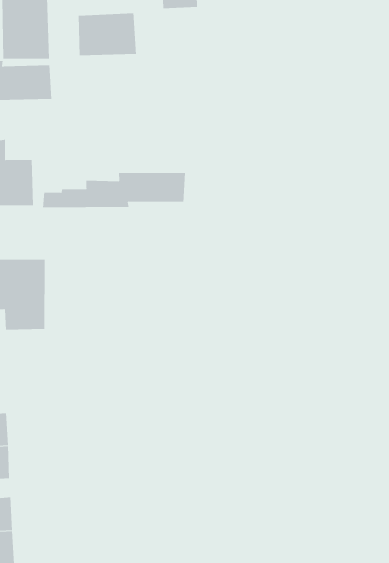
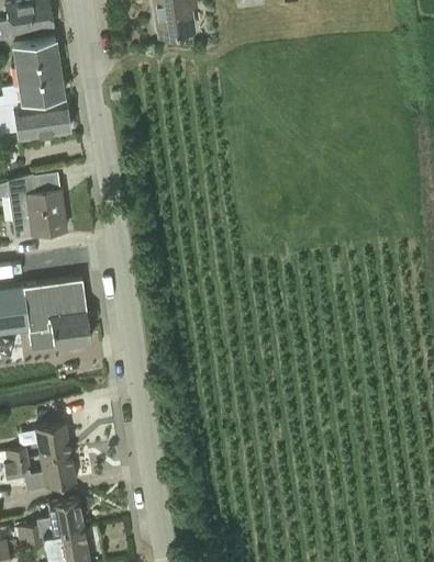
building: [78,13,136,56] -> none
building: [43,172,185,208] -> none

